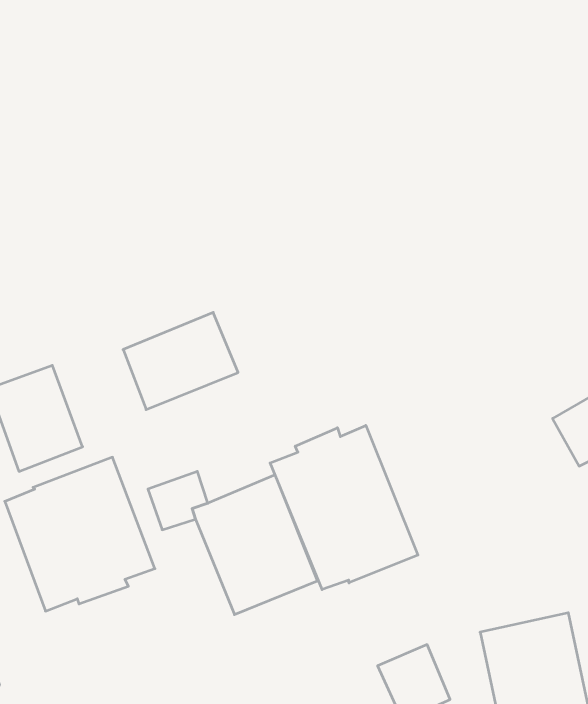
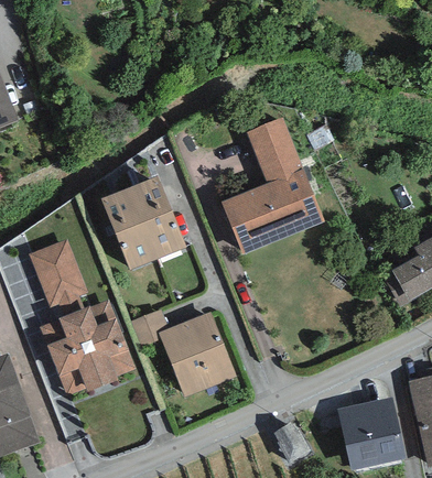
building: none -> [222,117,324,254]
building: none -> [100,175,171,232]
building: [270,425,418,590] -> none

